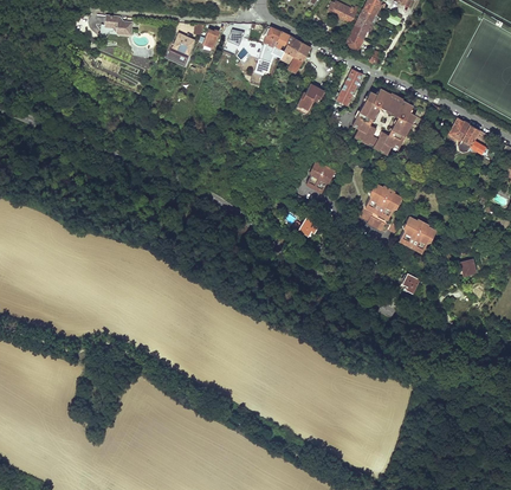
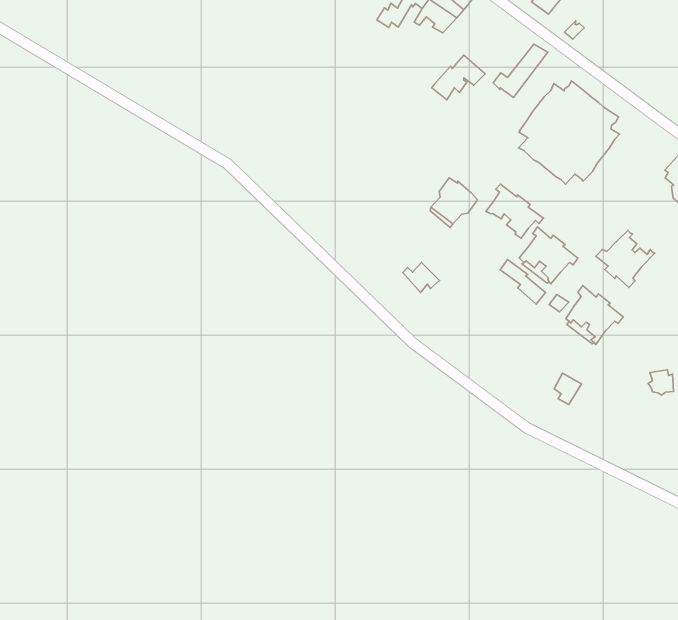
building: none -> [486,184,543,238]
building: none -> [596,231,655,288]

